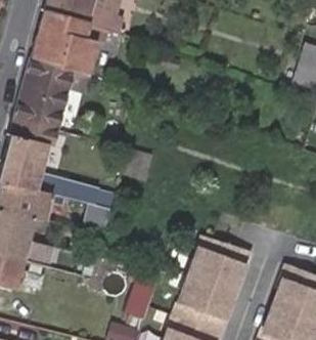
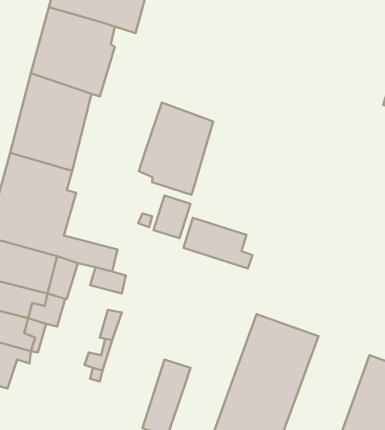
building: none -> [139,103,213,195]
building: none -> [183,218,252,268]

